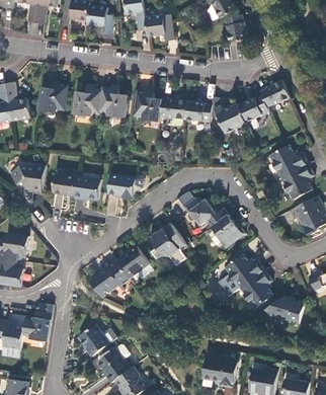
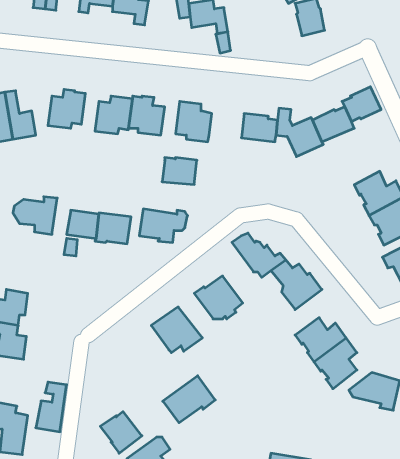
building: [159,98,185,118] -> [162,158,197,184]
building: [89,260,129,296] -> [163,376,215,423]

